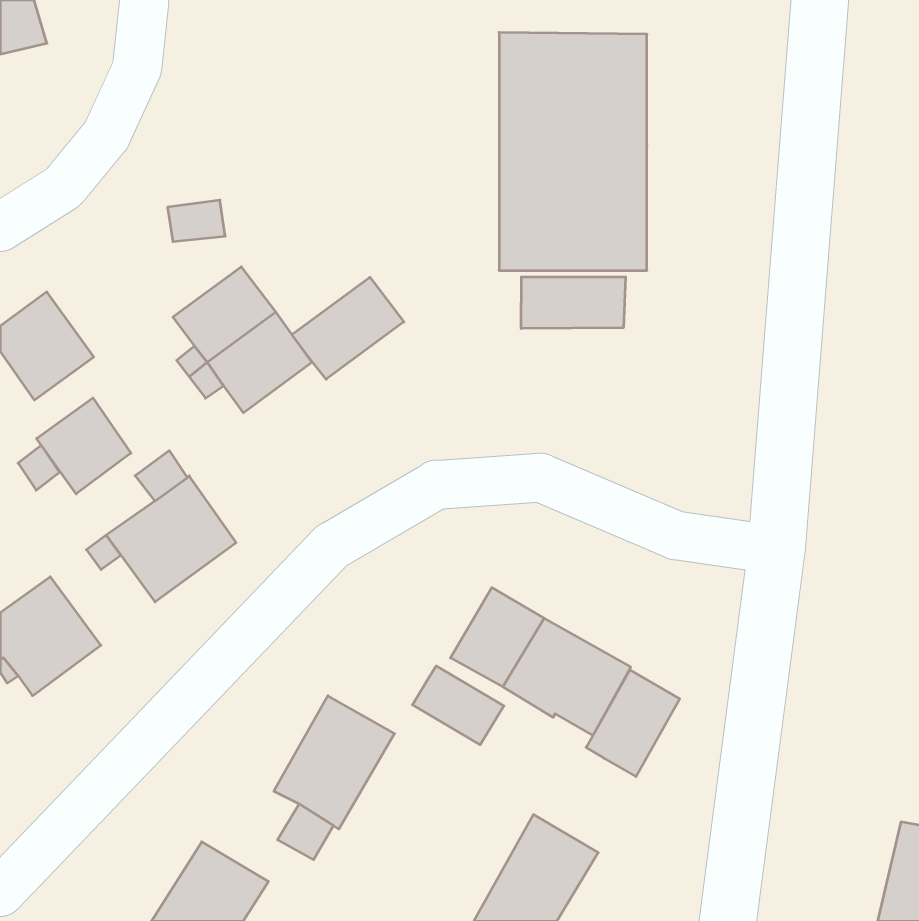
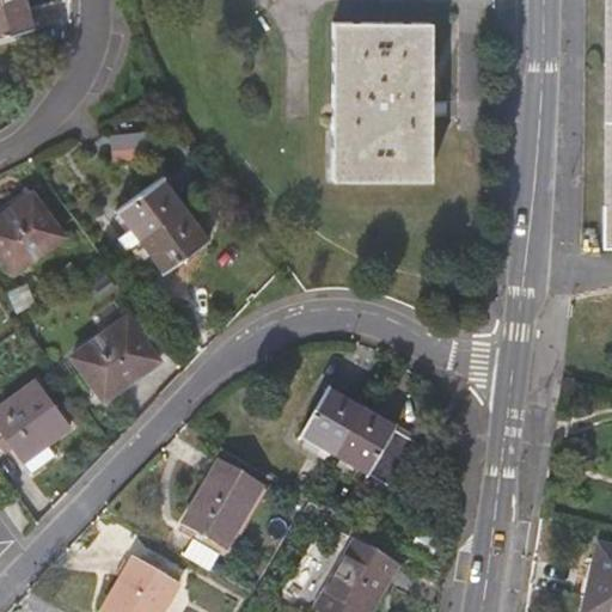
building: [521,277,626,329] -> none
building: [292,277,404,379] -> none
building: [37,398,131,494] -> none
building: [412,666,504,745] -> none
building: [586,670,680,777] -> none

